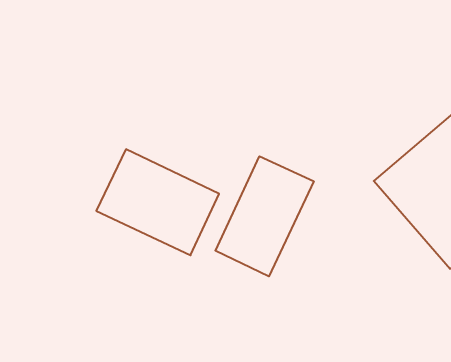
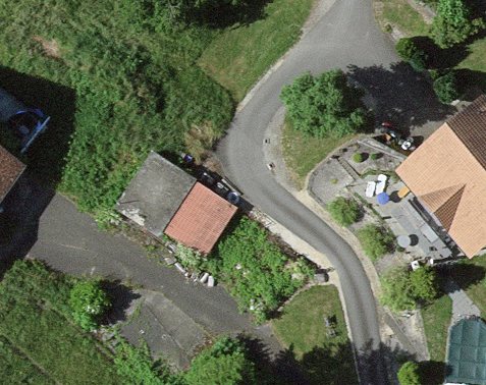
building: [215,156,314,276] -> none

